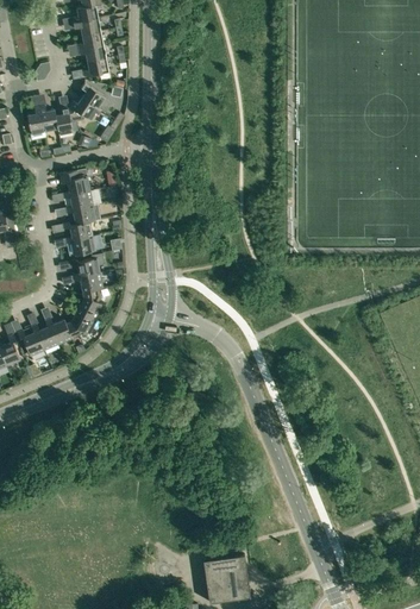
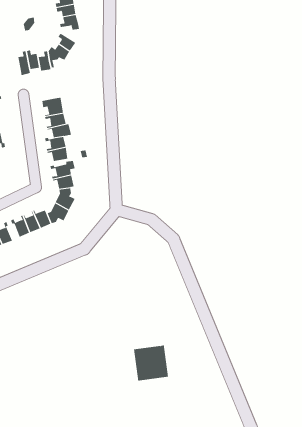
building: [203,553,251,602] -> [133,345,169,381]

